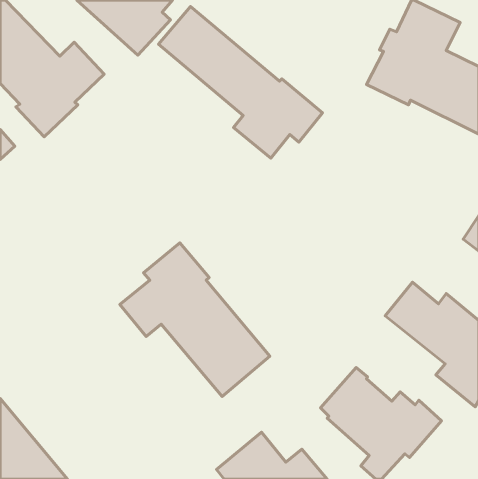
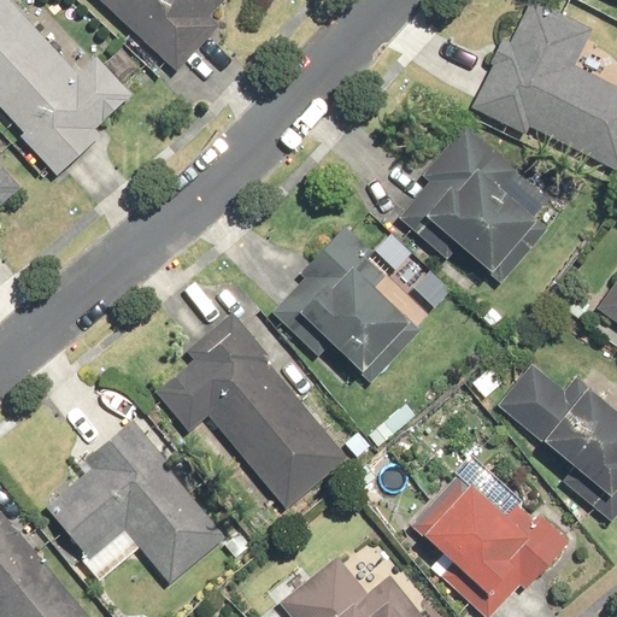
building: [158,6,322,158] -> none
building: none -> [399,125,548,283]
building: none -> [271,228,421,384]
building: none -> [43,418,228,586]

